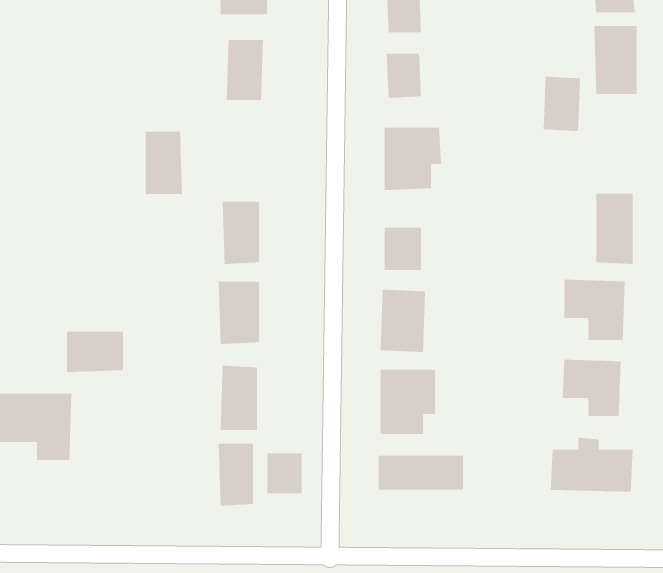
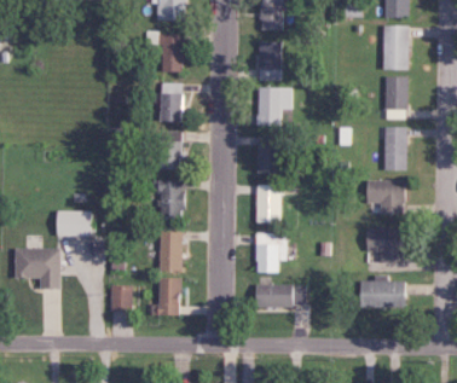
building: [543,76,581,132] -> [384,76,407,110]
building: [145,131,183,195] -> [158,83,181,122]
building: [267,452,302,494] -> [114,285,135,311]

